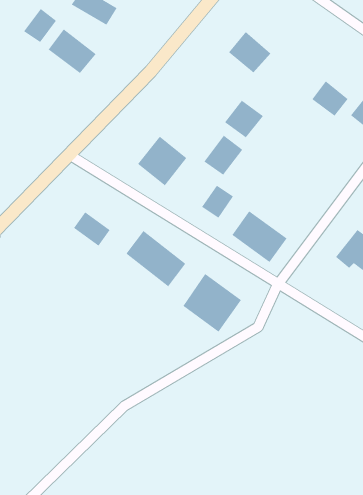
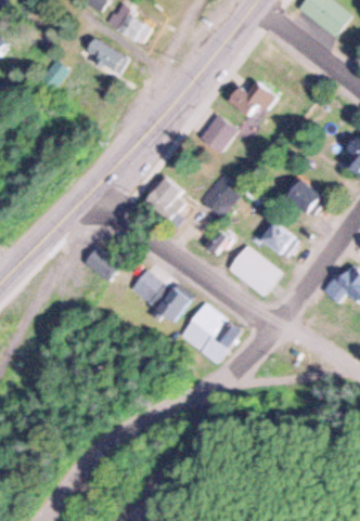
building: [48,29,96,74] -> none
building: [311,80,349,117] -> [284,179,319,212]
building: [224,100,264,138] -> [200,116,236,152]
building: none -> [260,220,297,256]

